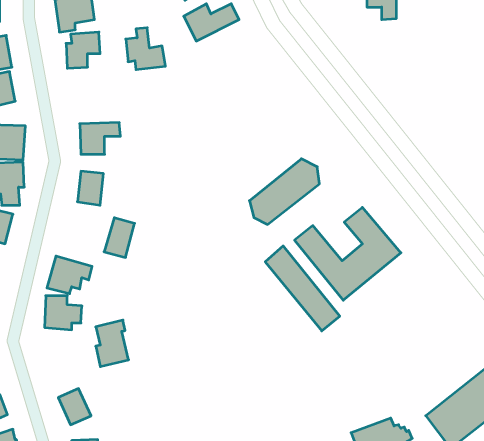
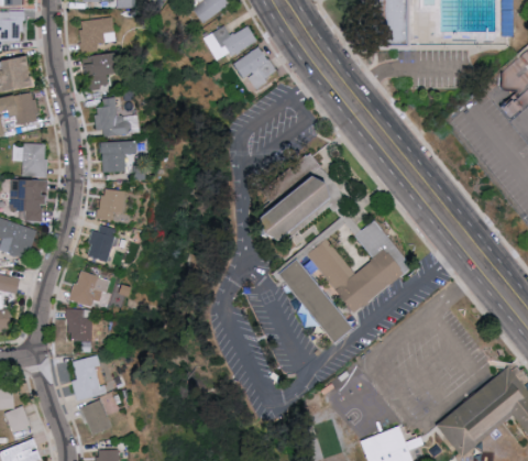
building: none -> [233,45,275,88]
building: [126,28,165,70] -> [94,97,132,138]
building: [104,218,135,257] -> [86,223,116,262]
building: [96,320,129,367] -> [70,355,102,400]

